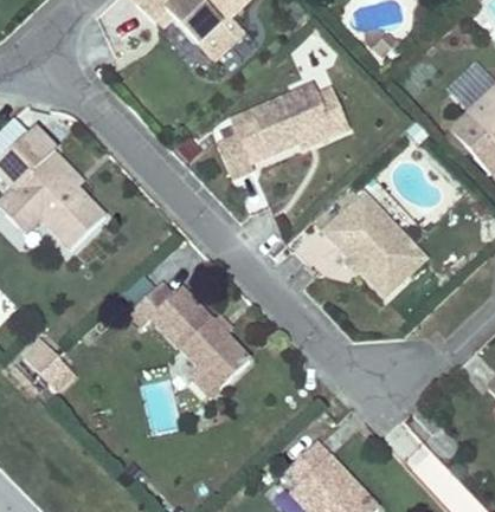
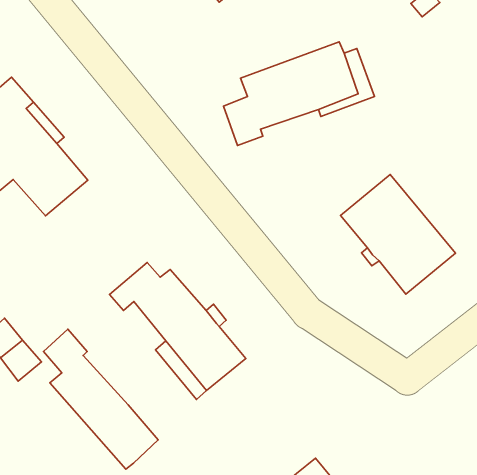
building: none -> [43,329,158,469]

